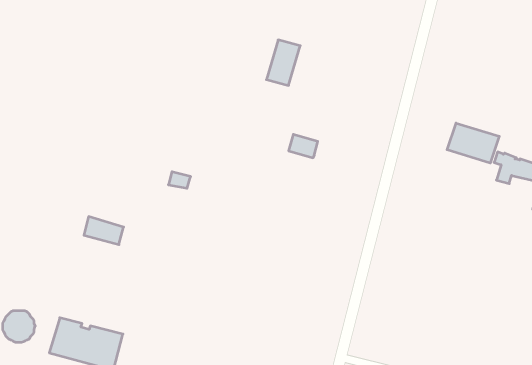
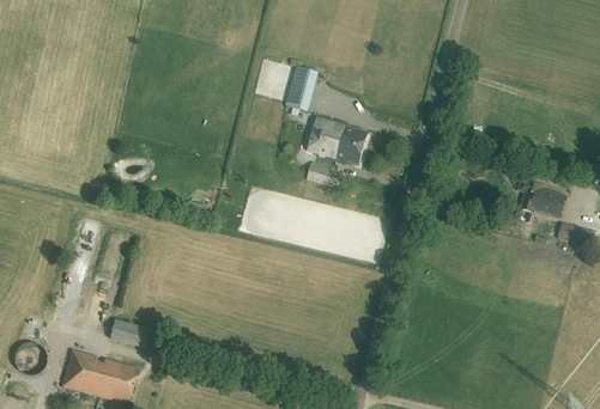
building: none -> [308,115,366,164]
building: [447,123,499,163] -> none
building: [84,217,124,245] -> [109,318,150,347]

